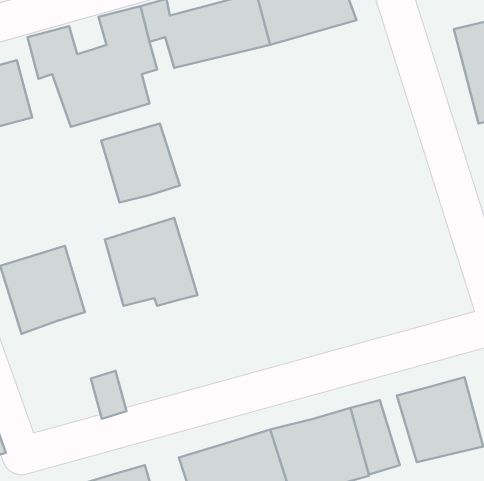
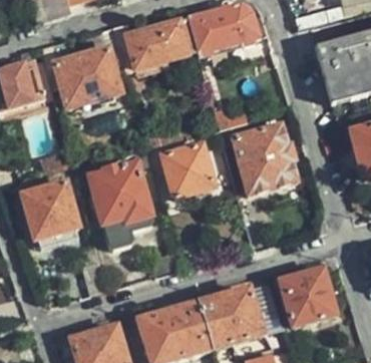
building: [101,124,180,202] -> [162,145,214,197]
building: none -> [234,123,298,195]

